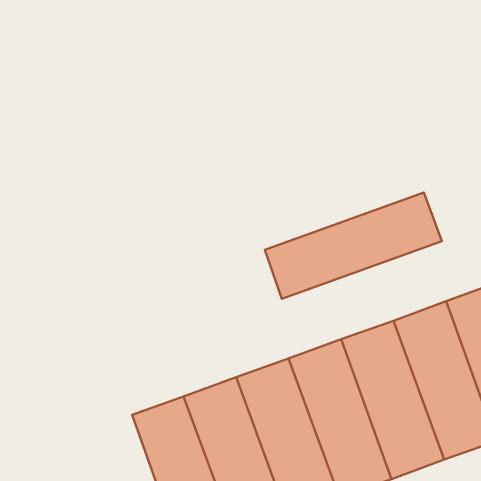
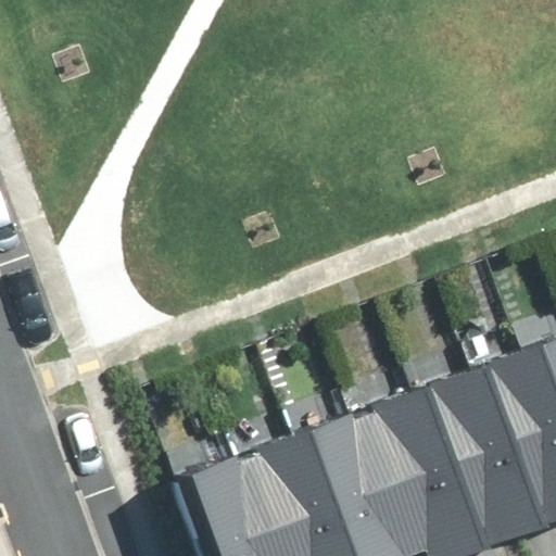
building: [265,193,442,299] -> none

